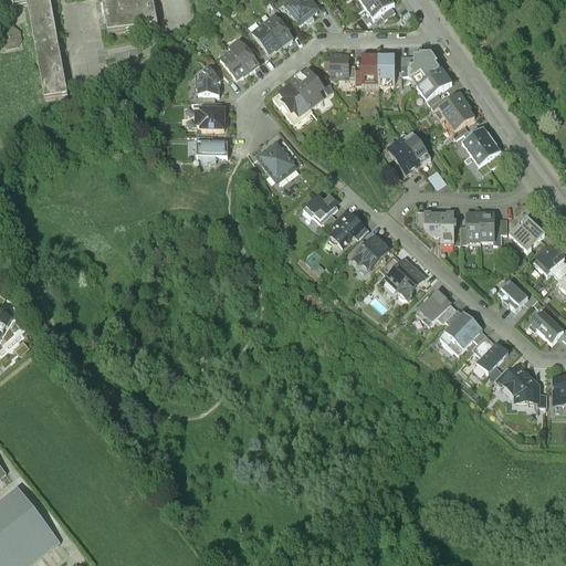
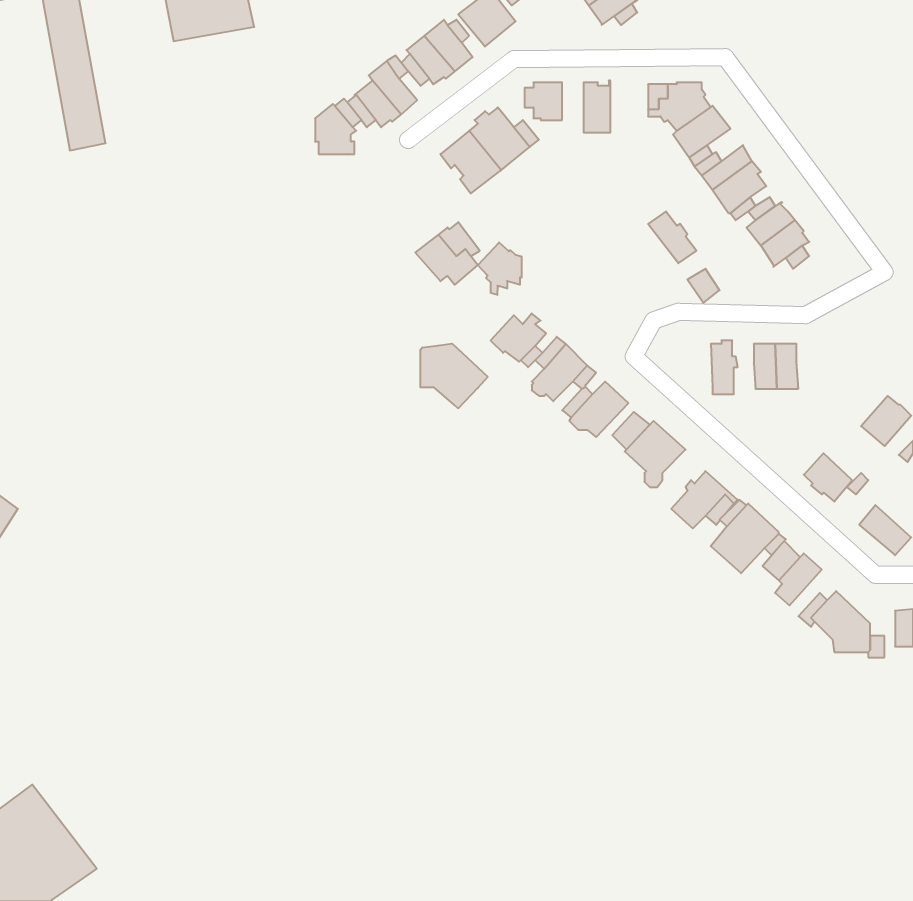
building: [377,51,394,82] -> none
building: [196,108,223,129] -> none
building: [387,138,419,172] -> none
building: [196,142,227,166] -> none
building: none -> [478,242,522,295]
building: [416,210,440,239] -> none
building: none -> [420,344,488,408]
building: [507,213,544,250] -> none

